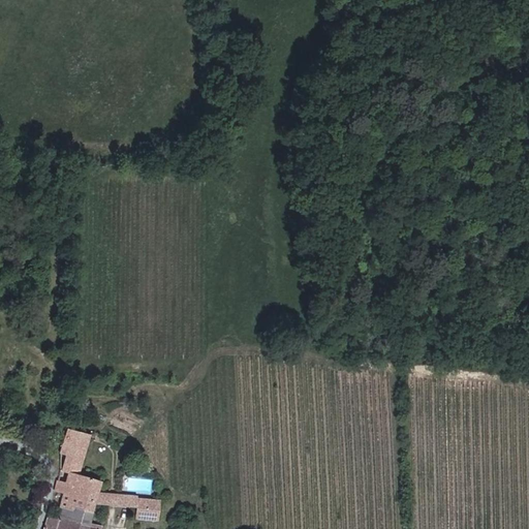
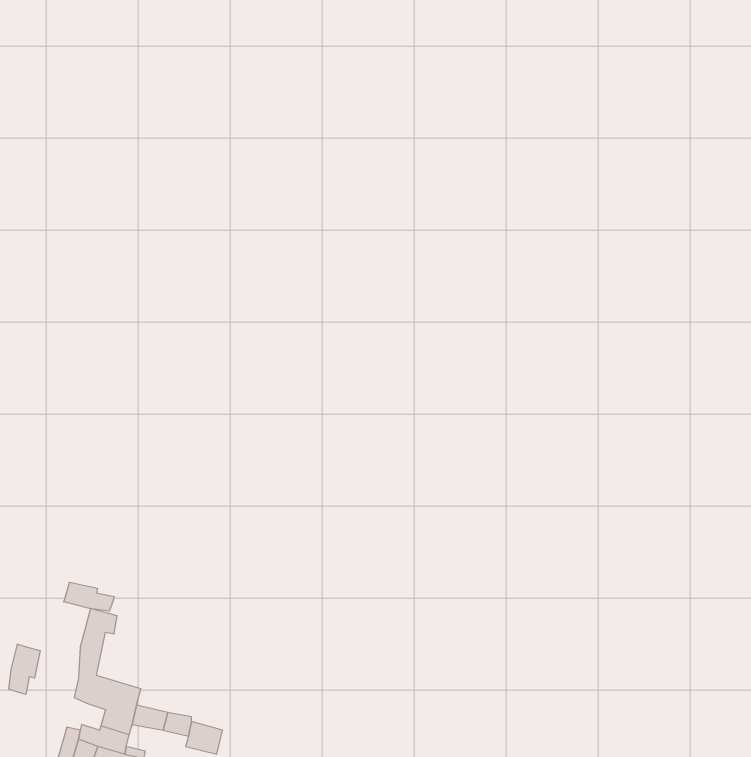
building: none -> [64,582,114,611]
building: none -> [9,644,40,694]

